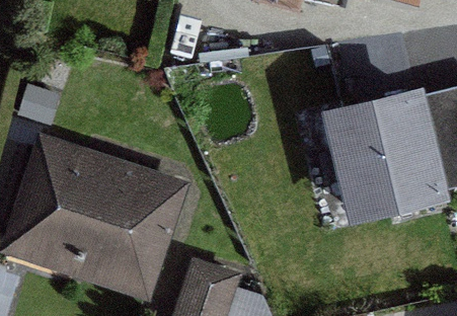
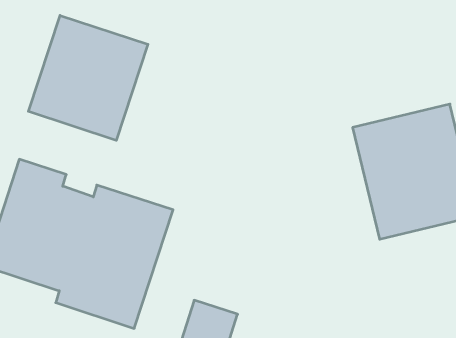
building: none -> [28,15,148,140]

